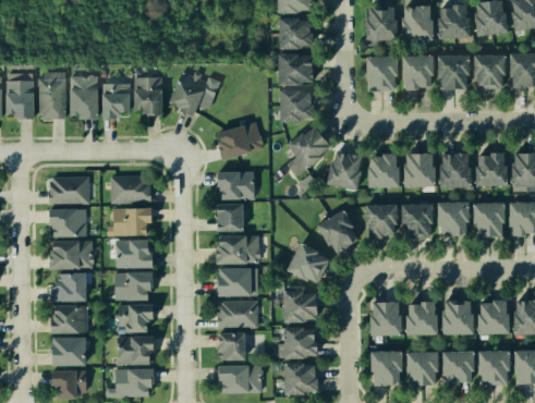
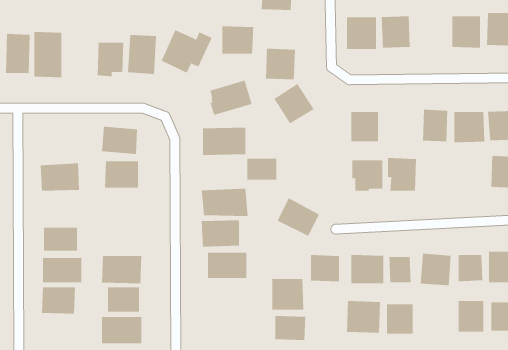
building: [277,54,311,84] -> [221,26,254,54]
building: [437,56,466,89] -> none
building: [74,75,99,120] -> none
building: [328,151,363,186] -> none
building: [404,154,437,187] -> none
building: [49,173,92,204] -> none
building: [442,202,473,235] -> none
building: [478,203,508,235] -> none
building: [216,207,247,230] -> [247,158,277,180]
building: [324,209,365,253] -> none
building: [111,240,150,266] -> none
building: [47,241,93,269] -> none
building: [111,272,157,300] -> none
building: [289,292,319,320] -> [310,255,340,282]
building: [218,333,248,359] -> none
building: [442,351,472,382] -> none
building: [214,366,264,393] -> none
building: [48,371,88,396] -> none

